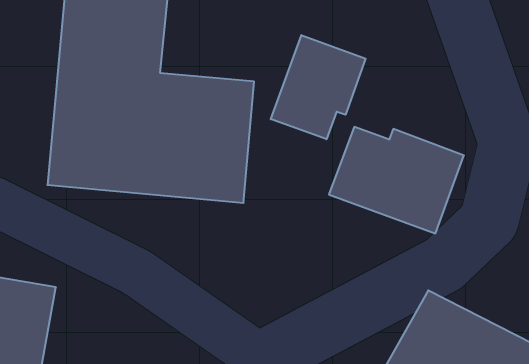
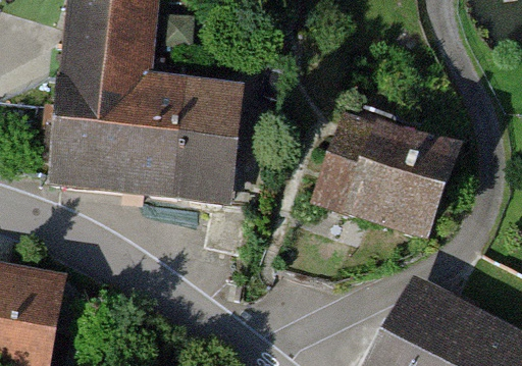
building: [271,35,366,139] -> none

